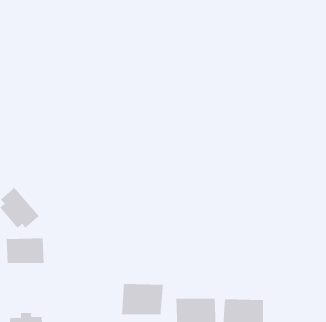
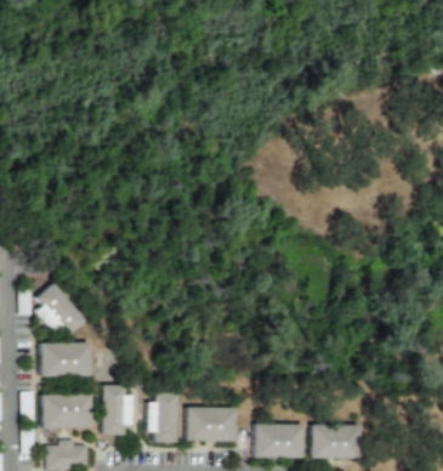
building: none -> [101,380,134,432]
building: none -> [144,387,178,443]
building: none -> [42,397,91,430]

